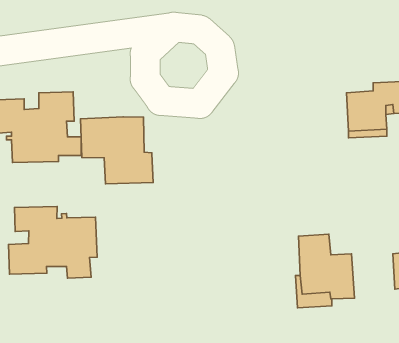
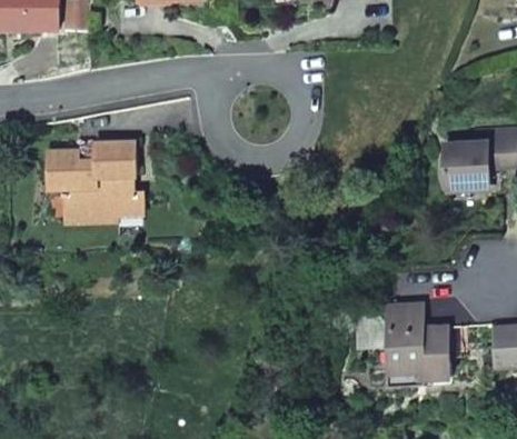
building: [81,117,153,184] -> none
building: [8,206,97,278] -> none

